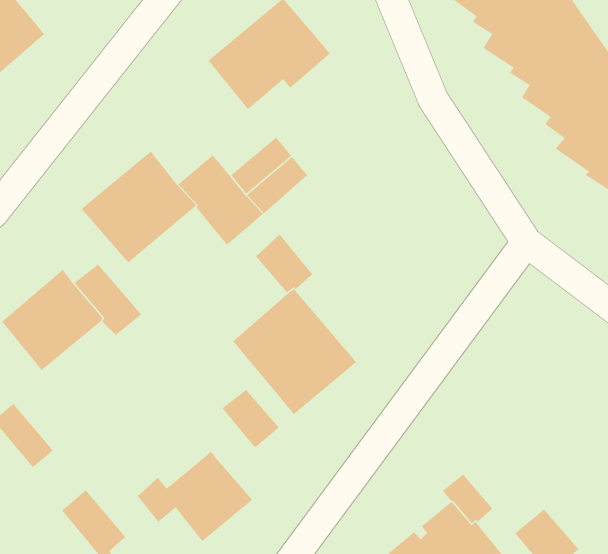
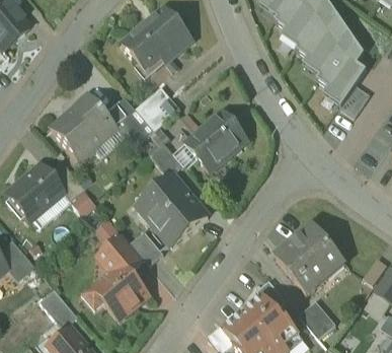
building: none -> [185,109,248,169]
building: none -> [277,223,343,290]
building: none -> [100,232,144,272]

